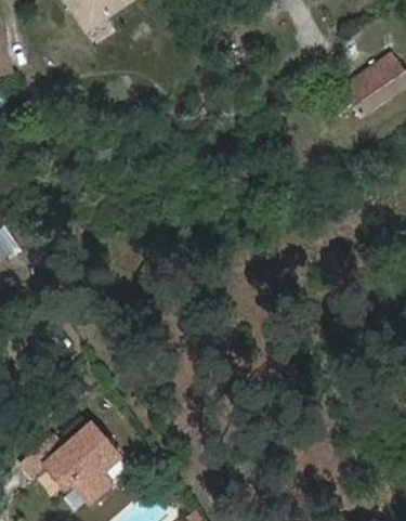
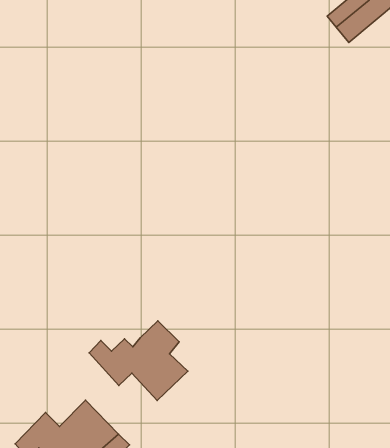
building: none -> [89,321,188,401]

